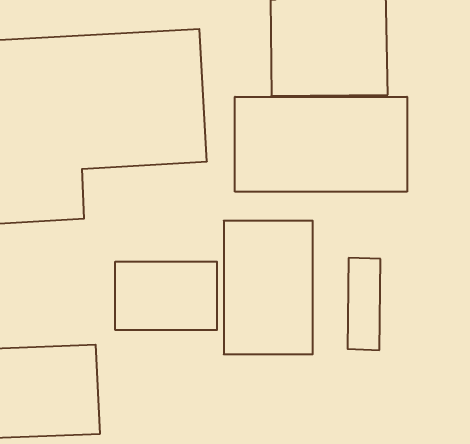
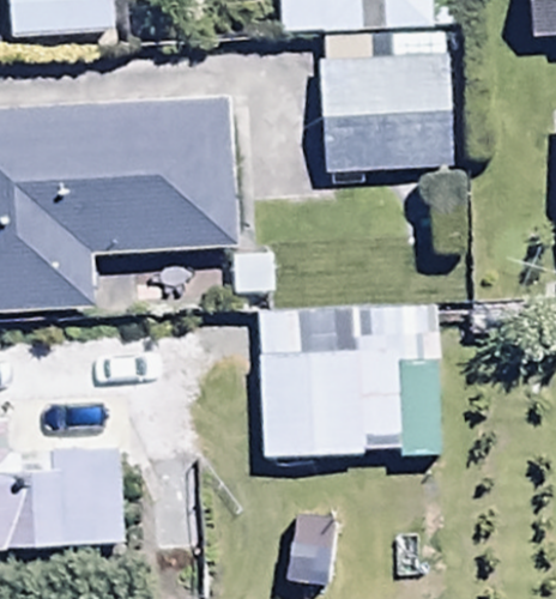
building: [235,97,407,192] -> none
building: [115,262,217,330] -> none

